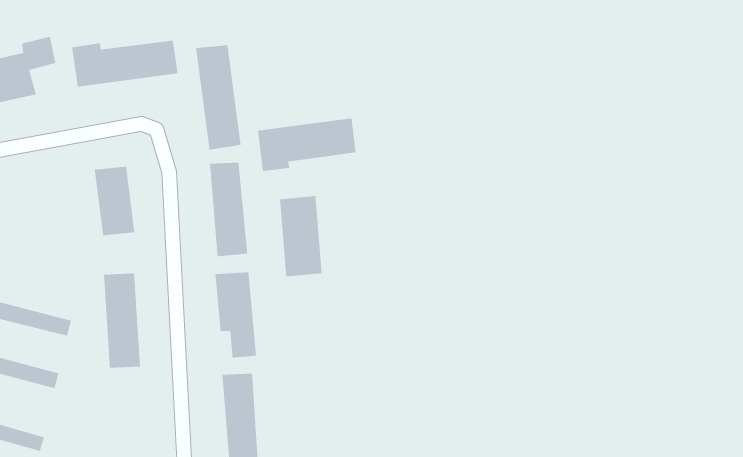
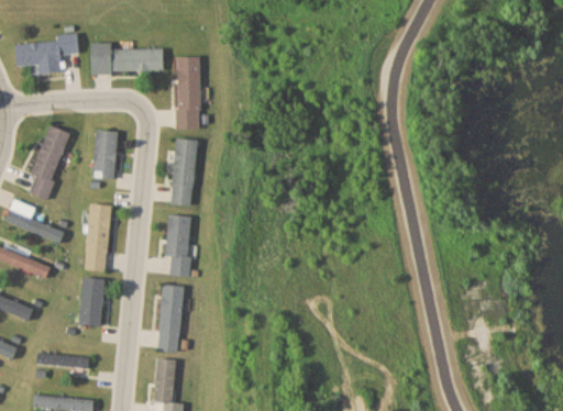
building: [257,117,356,172] -> none
building: none -> [30,125,69,200]
building: [279,195,323,277] -> none
building: none -> [80,278,103,326]

